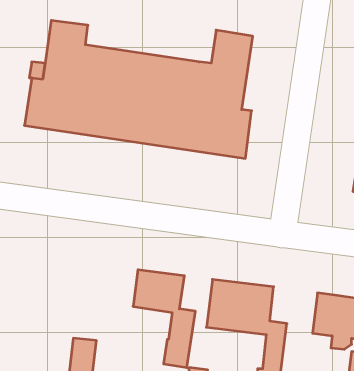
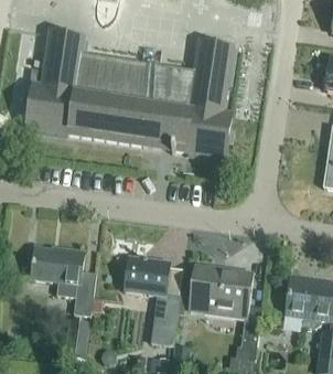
building: none -> [30,246,94,314]

